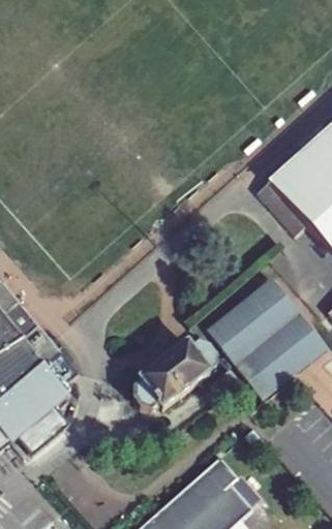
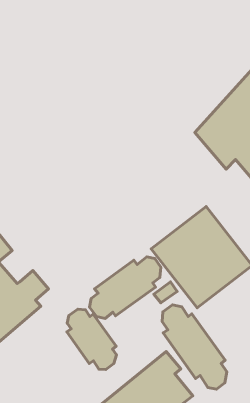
building: none -> [162,305,227,389]
building: none -> [67,309,117,369]

